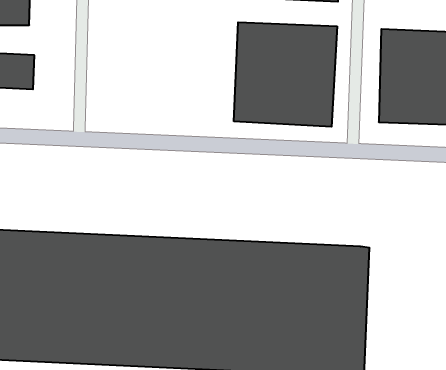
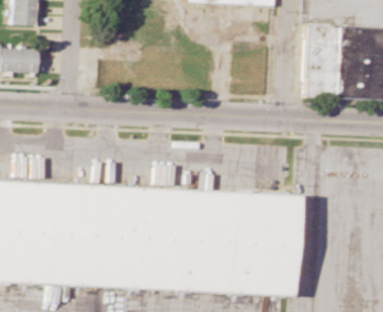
building: [234,22,337,127] -> none

